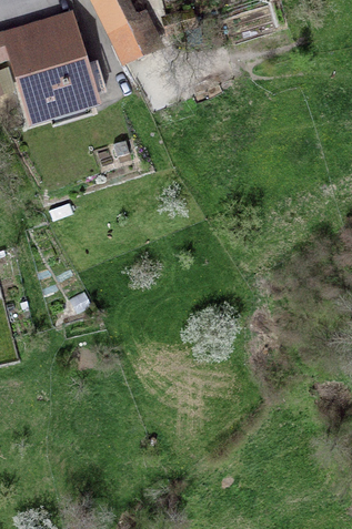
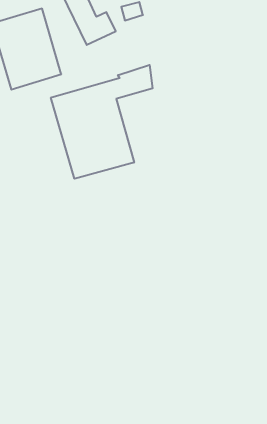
building: none -> [51,65,153,179]

